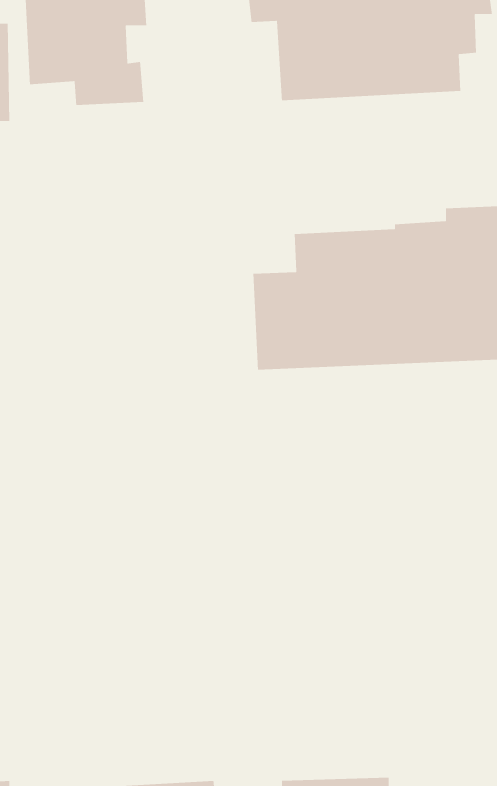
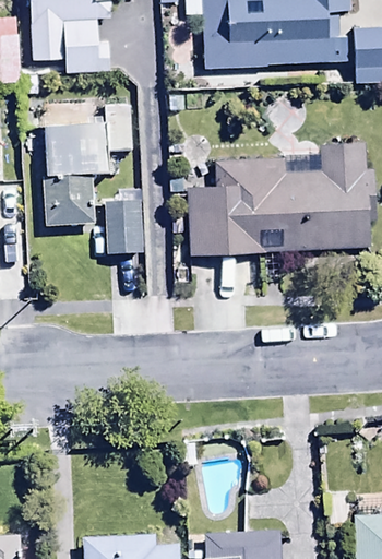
building: none -> [44,105,136,227]
building: none -> [105,202,143,255]

